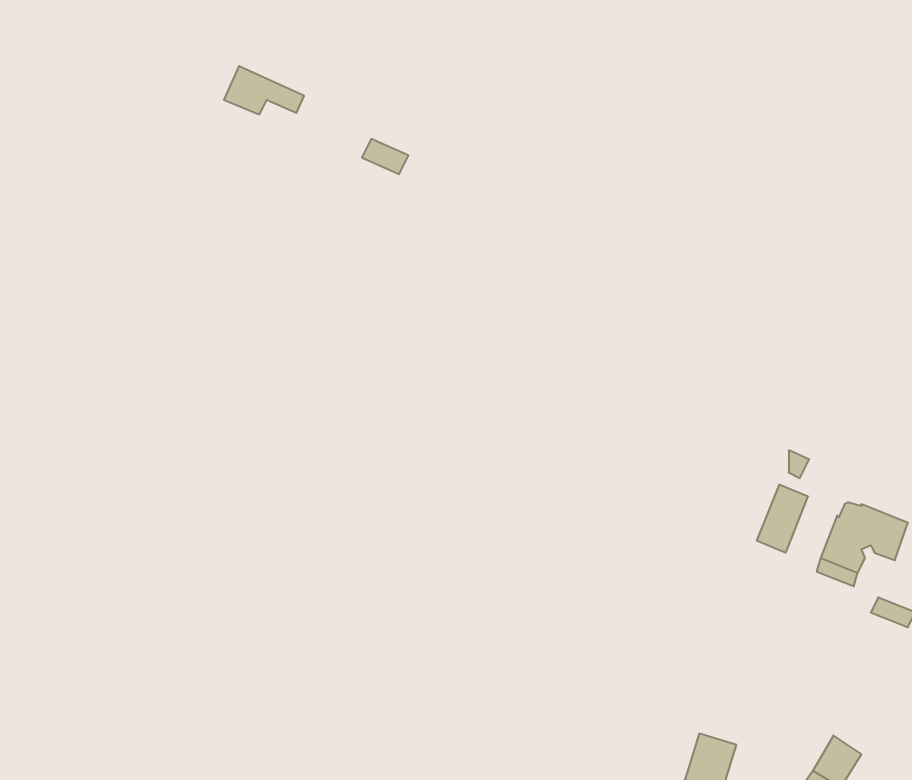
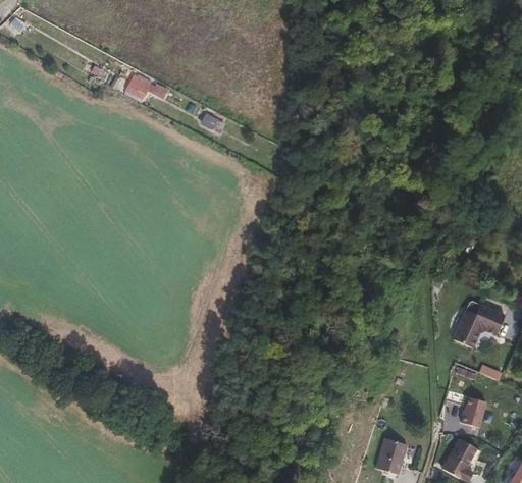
building: [757,484,808,553] -> none
building: none -> [463,397,487,428]

